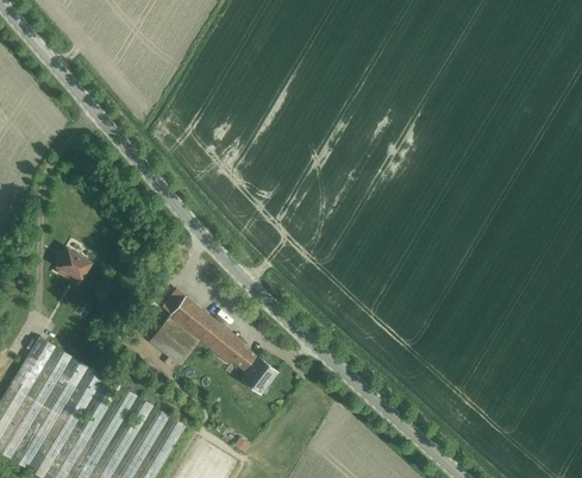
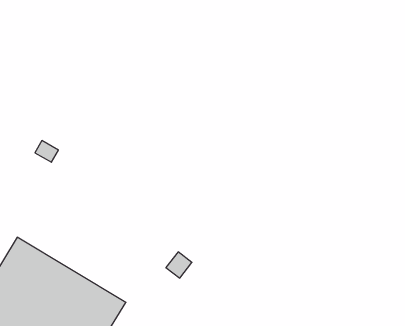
building: [57,250,89,279] -> [35,141,58,162]
building: [148,289,255,370] -> none

